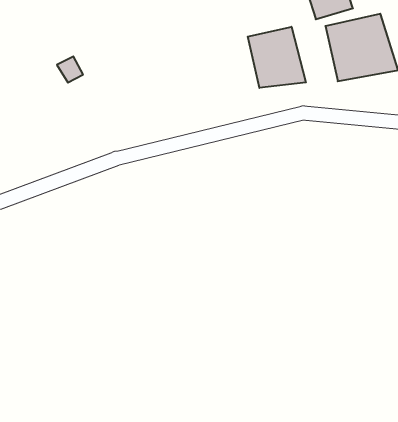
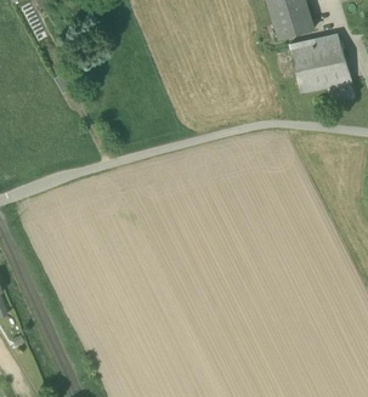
building: [248,27,306,88] -> none

